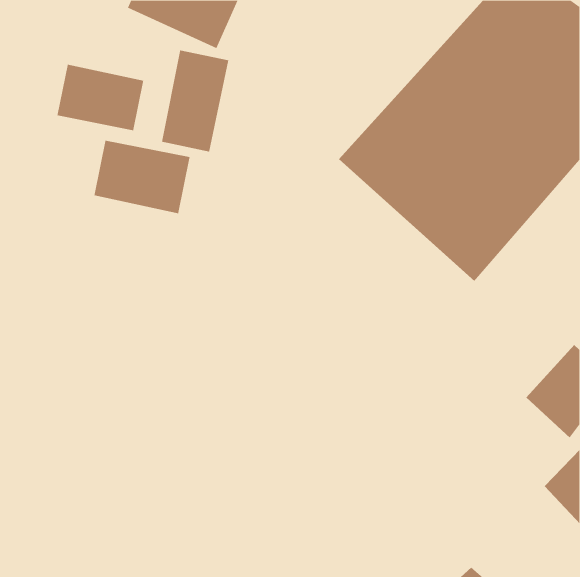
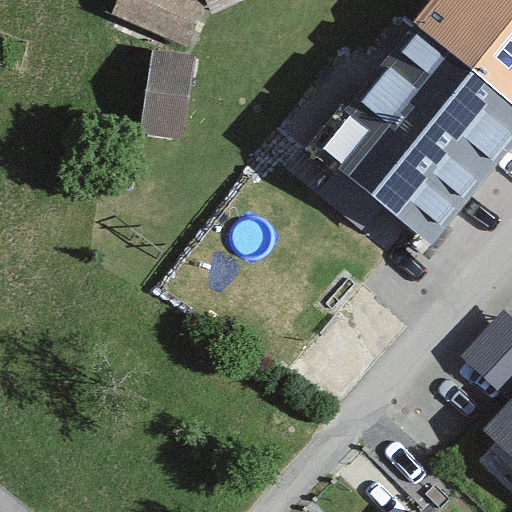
building: [57,64,144,131] -> none
building: [94,140,190,214] -> none

